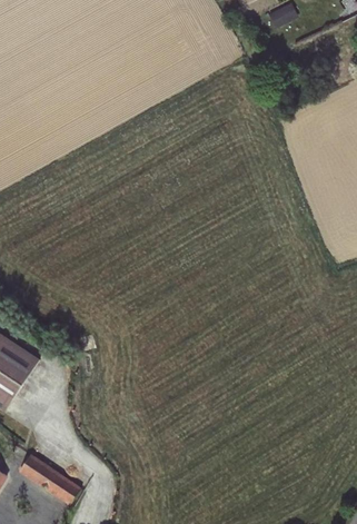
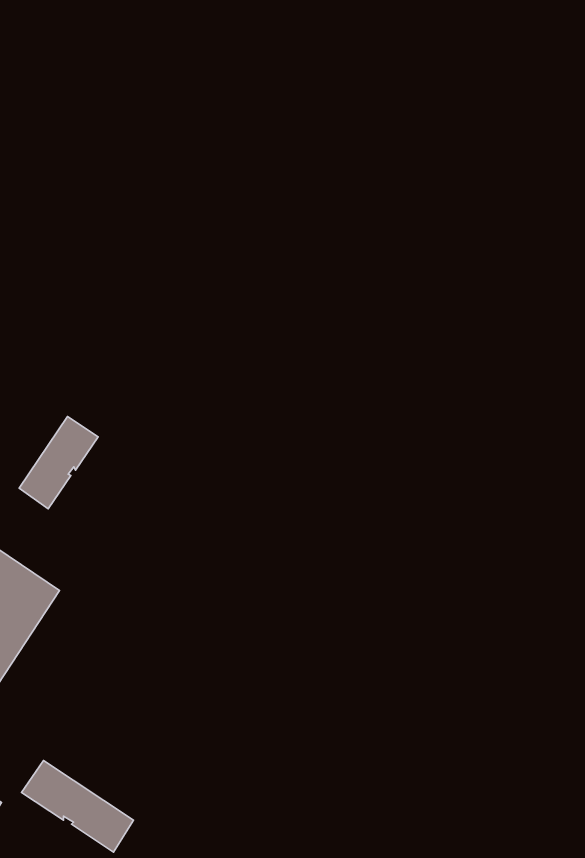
building: none -> [19,417,98,509]

